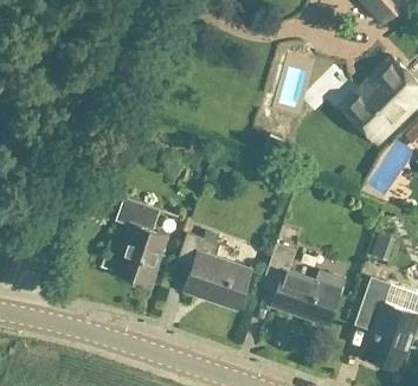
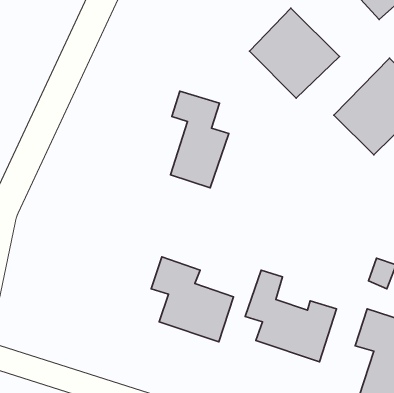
building: none -> [249,8,339,98]
building: [115,199,167,285] -> [170,91,229,188]

